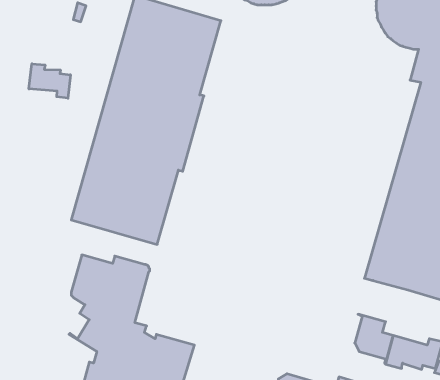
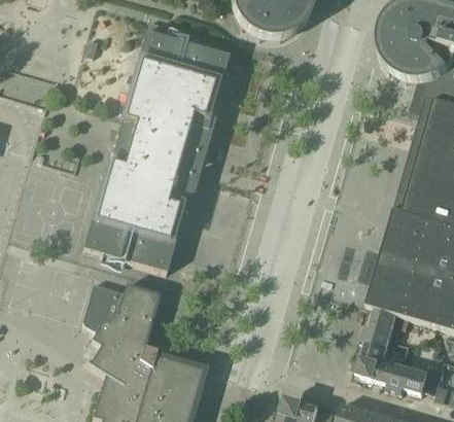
building: [29,64,70,98] -> none
building: none -> [362,306,411,346]

